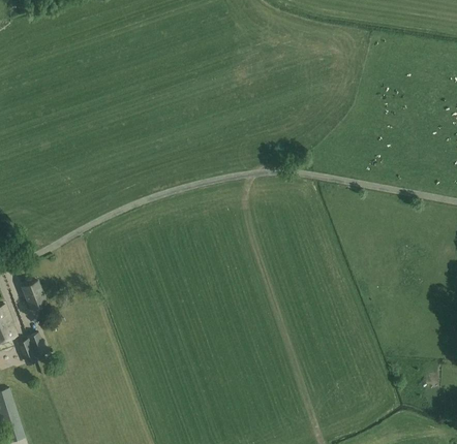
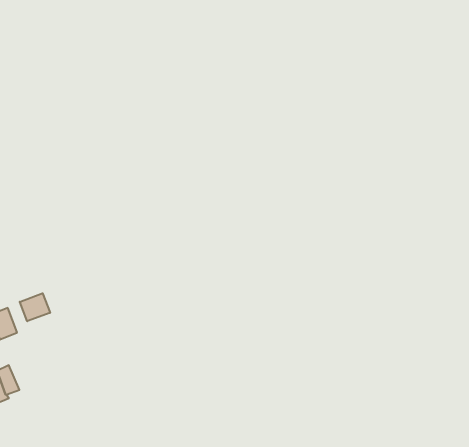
building: none -> [20,293,50,321]

